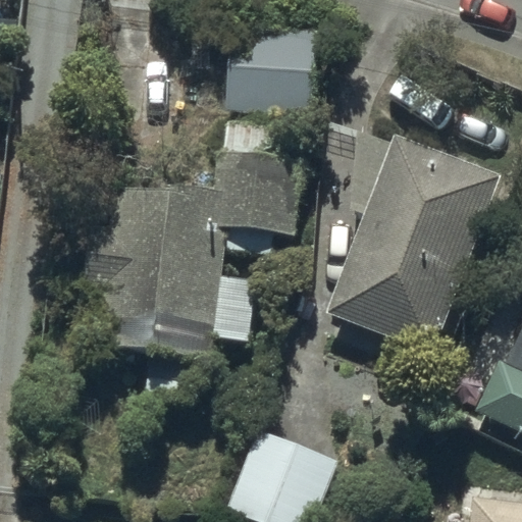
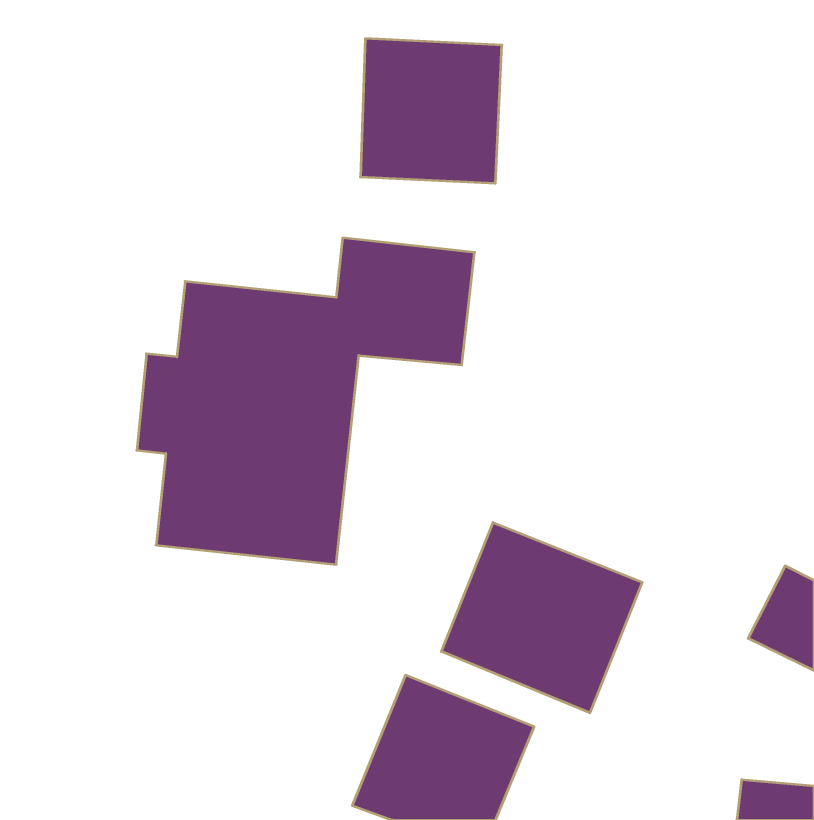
building: [326,136,501,352] -> none
building: none -> [441,522,642,713]

